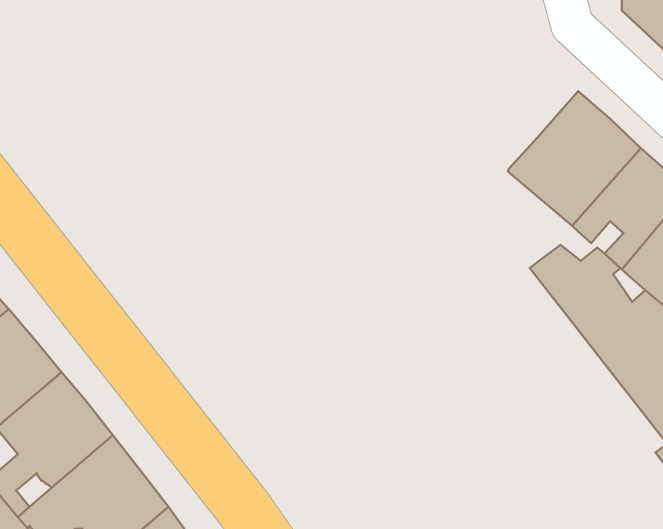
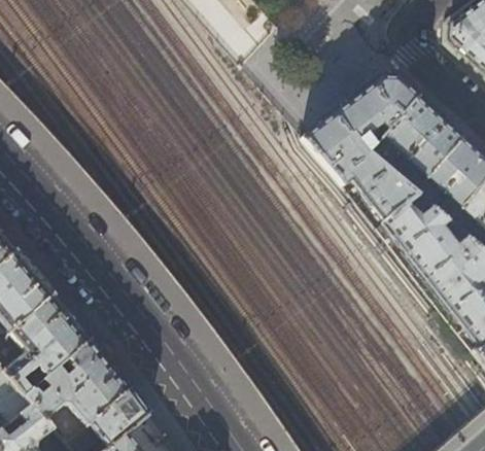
building: none -> [303,77,419,221]

